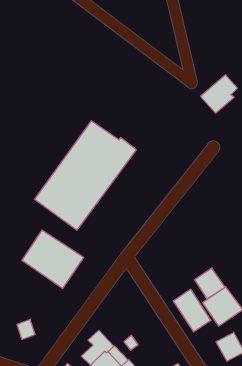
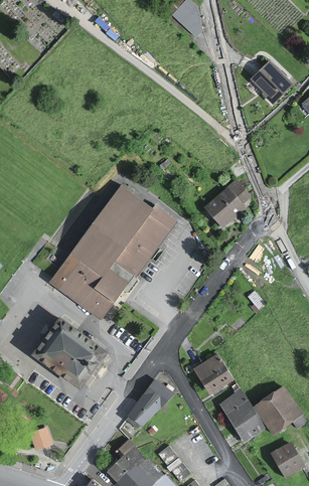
building: none -> [250,60,292,103]
building: [201,75,237,113] -> [203,180,248,226]
building: [194,268,225,299] -> [193,355,230,392]
building: none -> [126,380,170,429]

